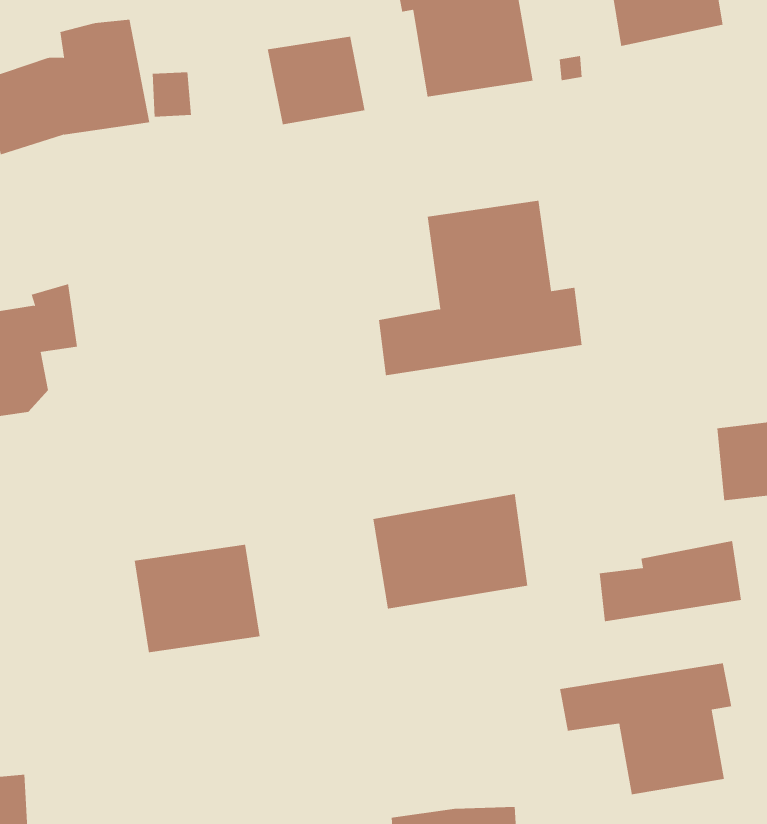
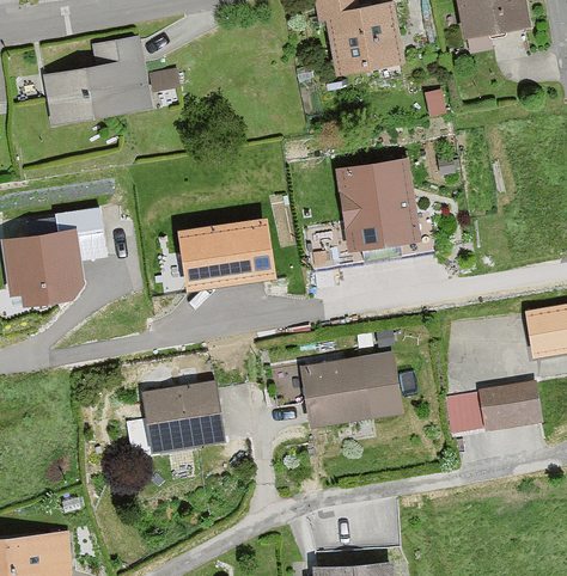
building: [267,36,365,125] -> none
building: none -> [176,214,275,288]
building: [560,663,732,795] -> none

